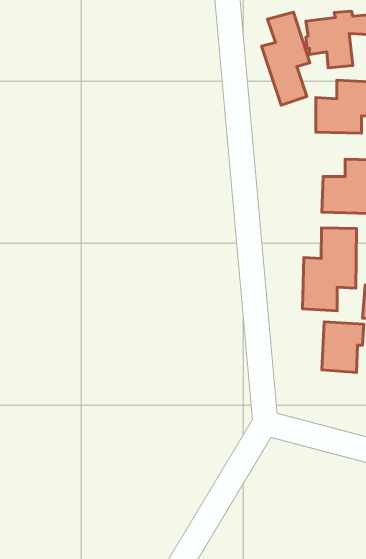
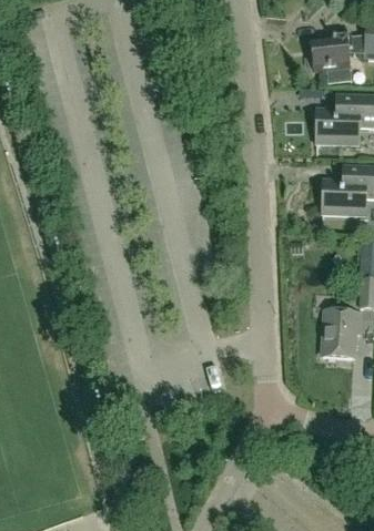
building: [262,12,310,105] -> none
building: [303,228,356,311] -> none

